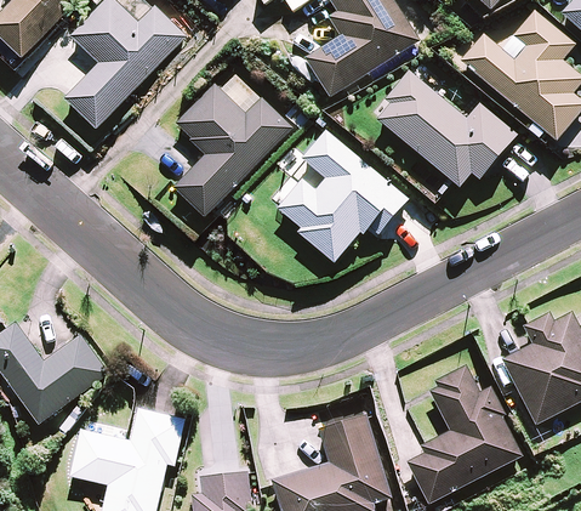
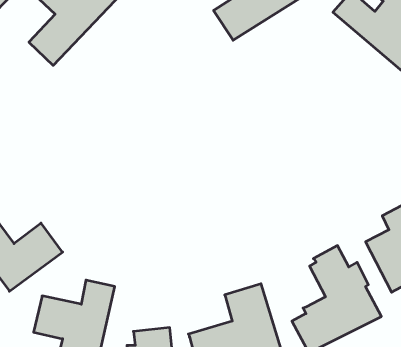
building: [376,70,518,187] -> none
building: [173,84,291,217] -> none
building: [278,130,409,262] -> none

